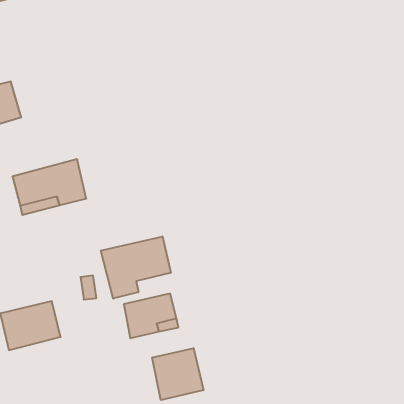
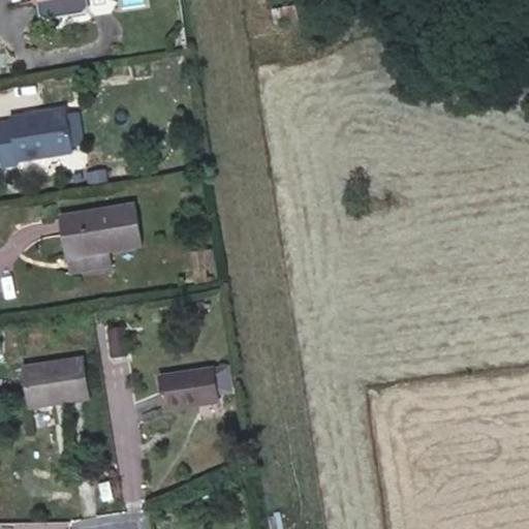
building: [101,236,171,299] -> none
building: [152,348,203,400] -> none

